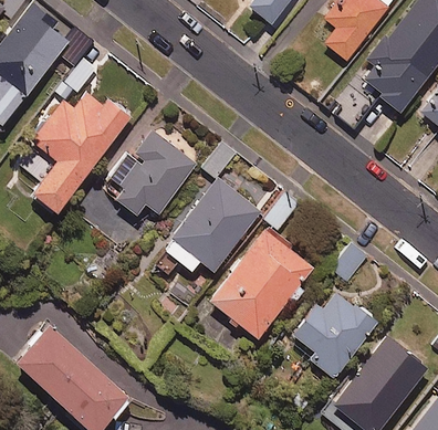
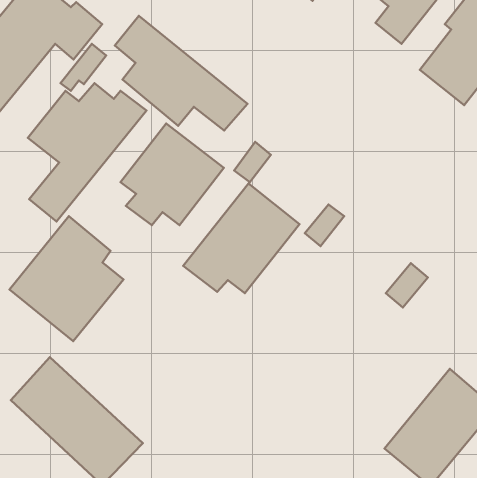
building: none -> [115,16,248,130]
building: none -> [9,216,123,341]
building: [209,229,314,337] -> none
building: [293,291,377,377] -> none

